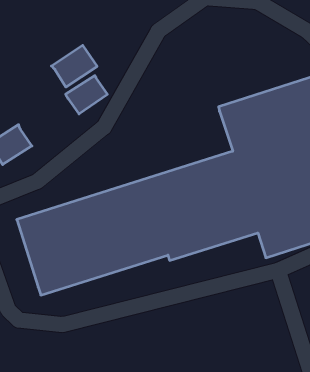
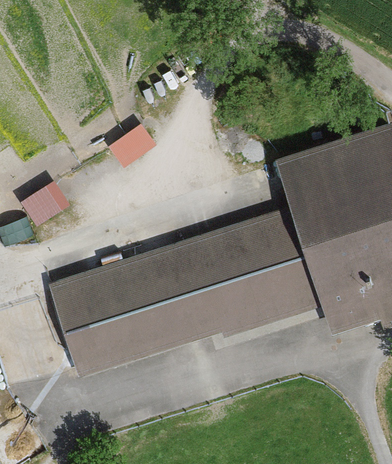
building: [51,45,97,87] -> none

